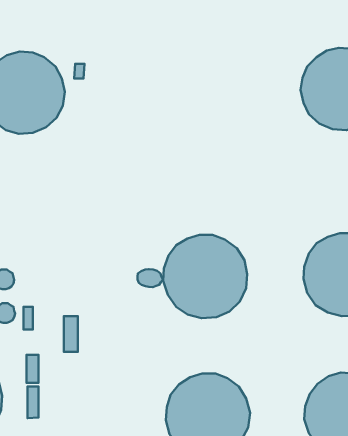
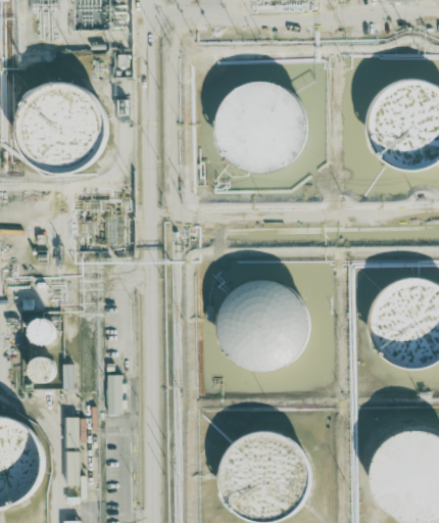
building: none -> [215,81,305,172]
building: [137,269,163,287] -> none

